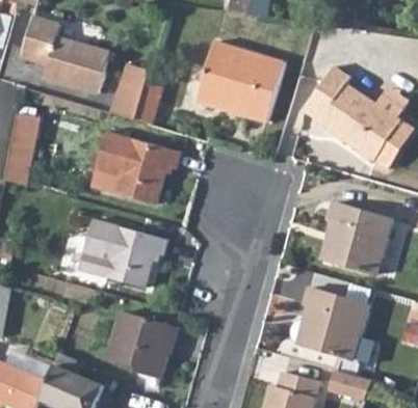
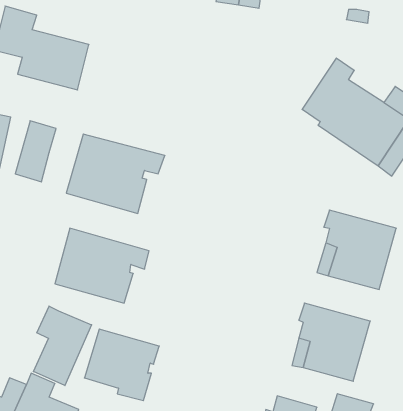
building: [198,46,285,124] -> none
building: [111,65,149,121] -> [15,121,56,182]
building: none -> [33,306,92,386]

